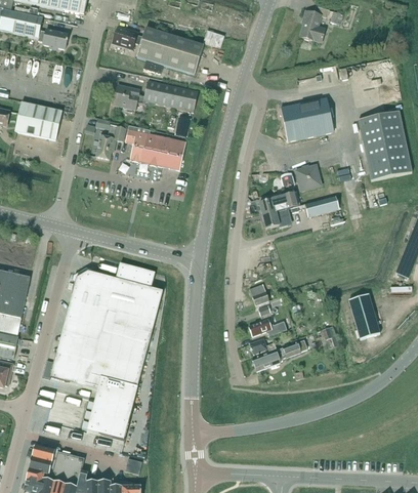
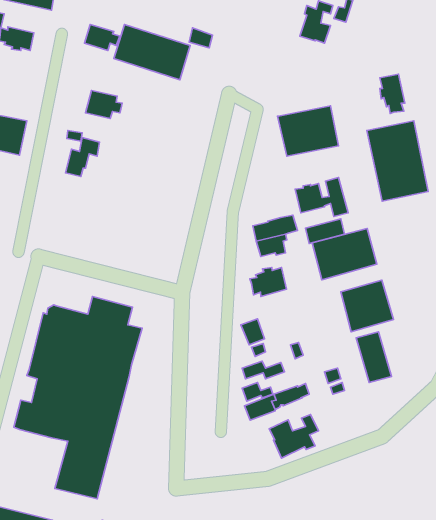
building: none -> [380,74,405,114]
building: [143,80,198,112] -> none
building: [125,124,185,170] -> none
building: none -> [312,228,377,280]
building: none -> [250,268,287,296]
building: none -> [341,280,393,332]
building: none -> [269,414,318,458]

